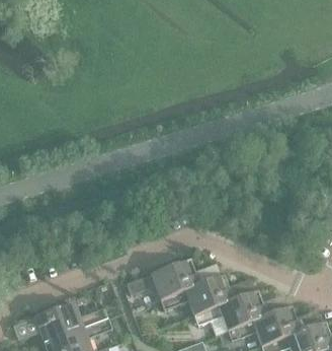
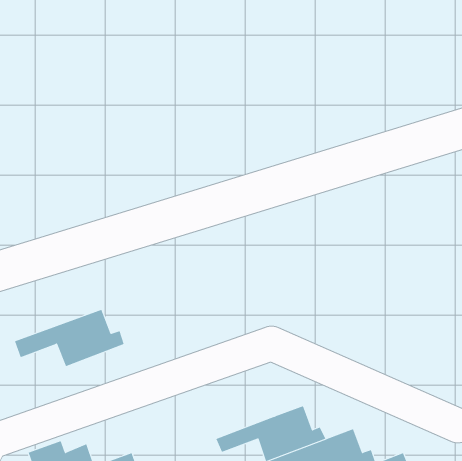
building: [126,262,199,300] -> [14,309,125,367]

